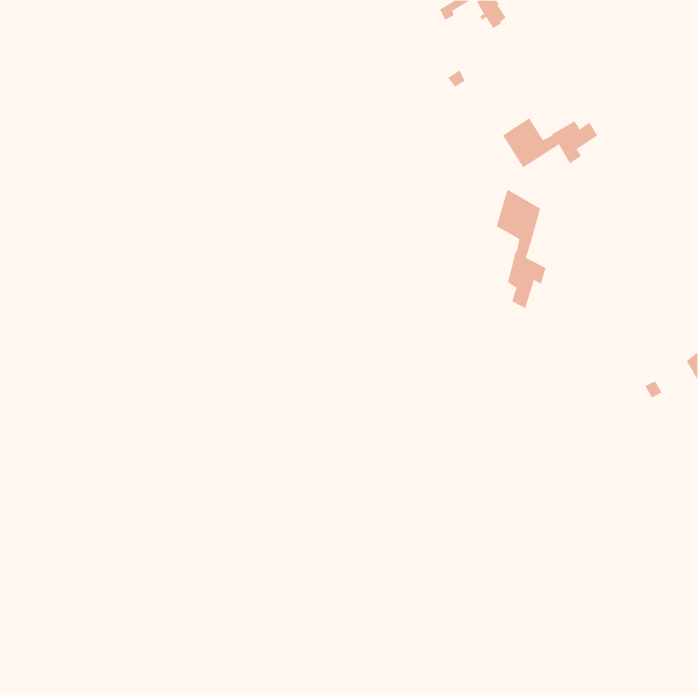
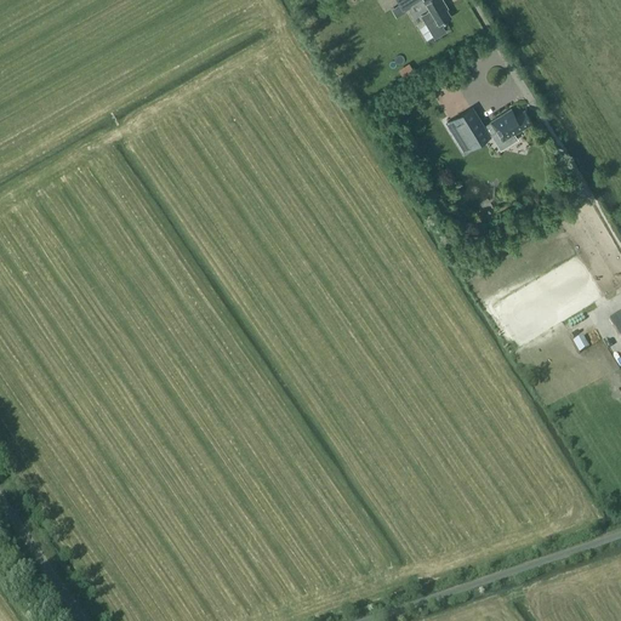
building: [496,189,546,309] -> none

